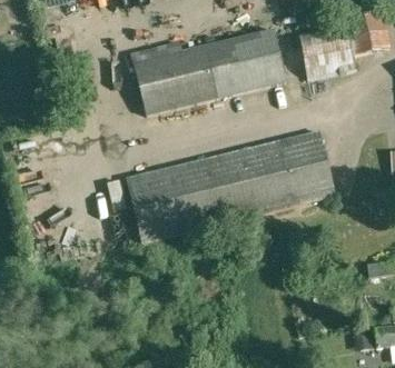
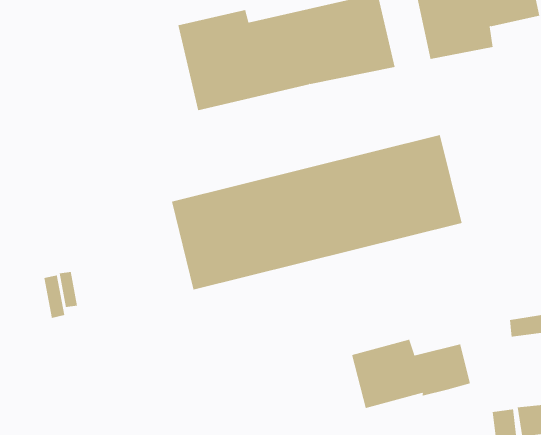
building: none -> [351,339,471,409]

